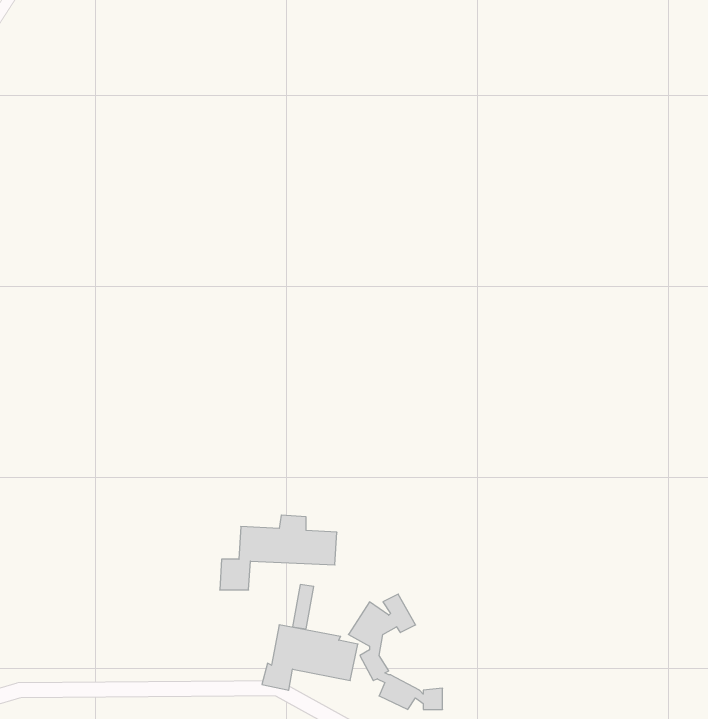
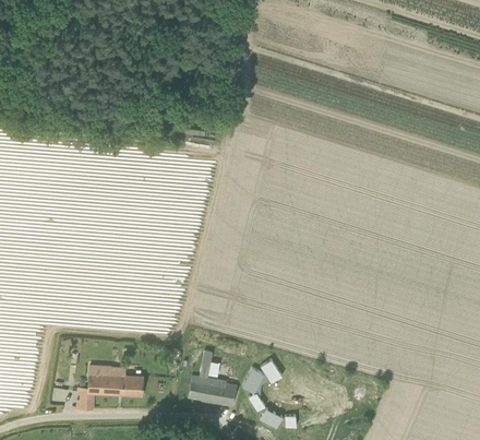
building: [220,515,337,590] -> [79,366,145,408]

